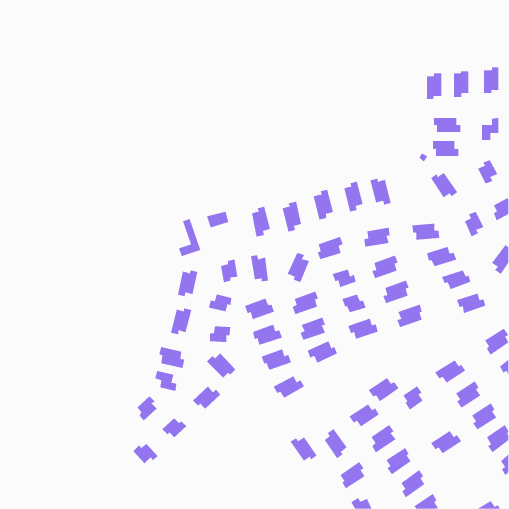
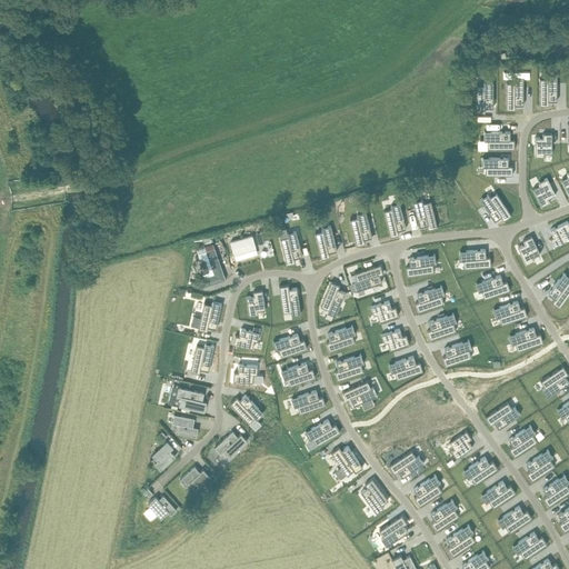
building: [368,377,400,402] -> [462,456,498,483]
building: [290,436,317,461] -> [331,446,362,473]
building: none -> [497,506,532,532]
building: none -> [512,531,547,559]

